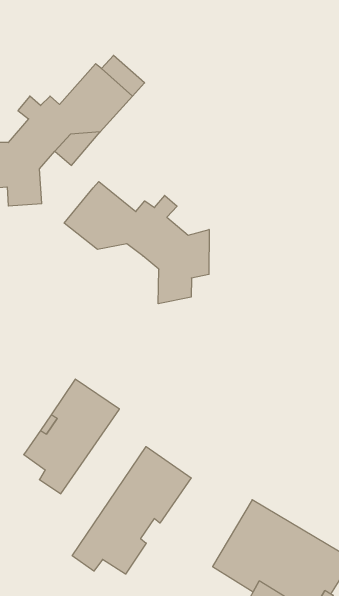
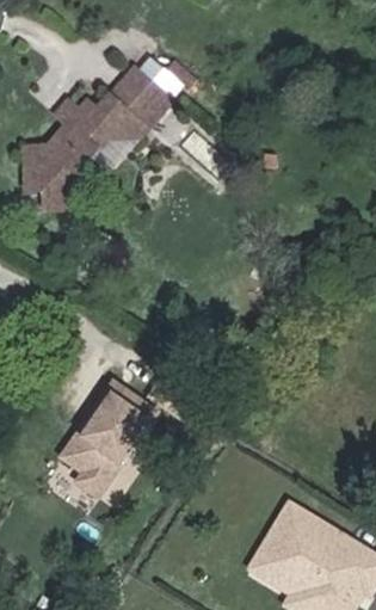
building: [64,182,209,304] -> none
building: [72,447,191,574] -> none

